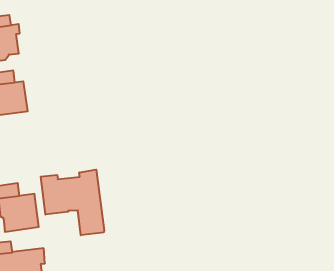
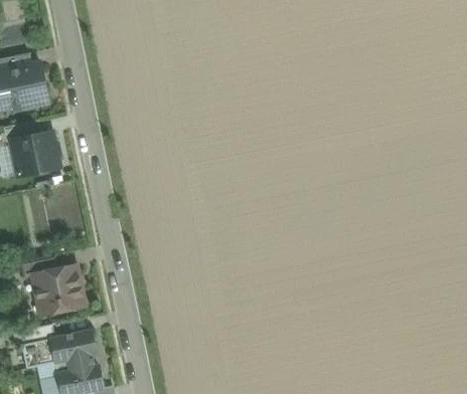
building: [41,170,104,235] -> none

